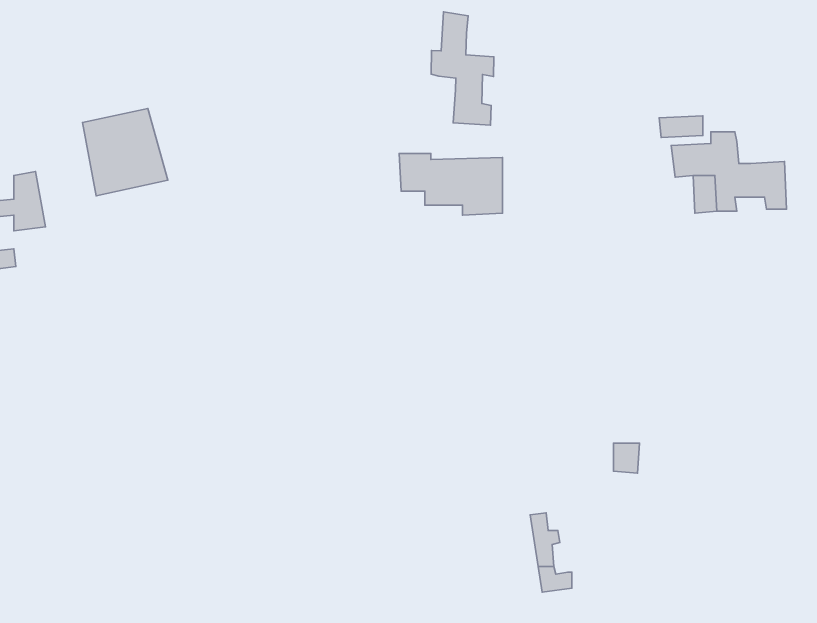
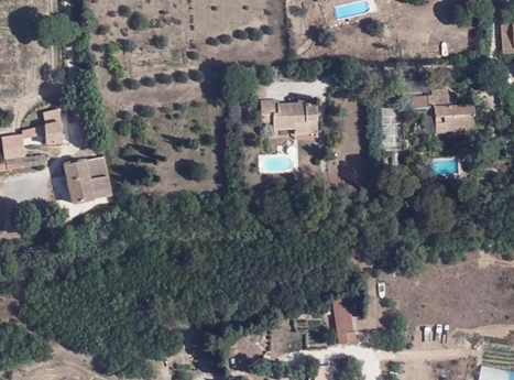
building: [431,12,494,125] -> none
building: [82,109,168,196] -> [65,155,112,204]

